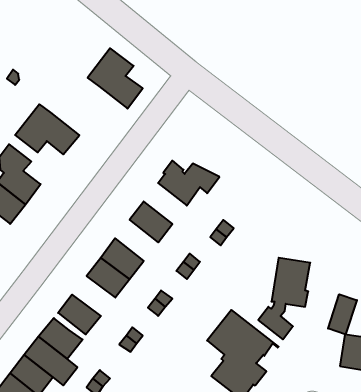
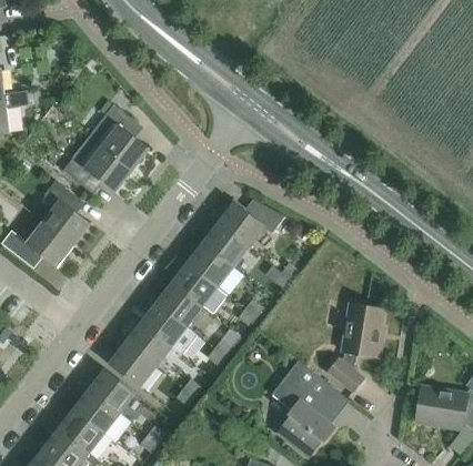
building: [88,48,143,109] -> [89,105,149,171]
building: none -> [202,223,249,267]
building: none -> [171,263,218,307]
building: none -> [124,324,171,367]
building: [328,294,357,334] -> none

